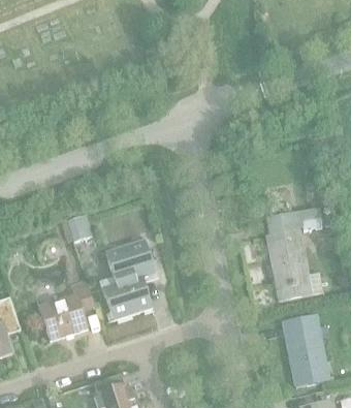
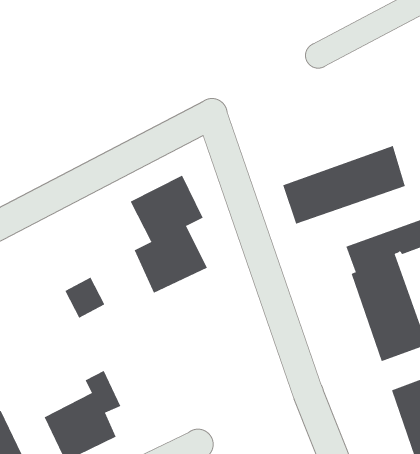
building: none -> [283,145,406,225]
building: [102,240,154,319] -> [130,175,208,293]

